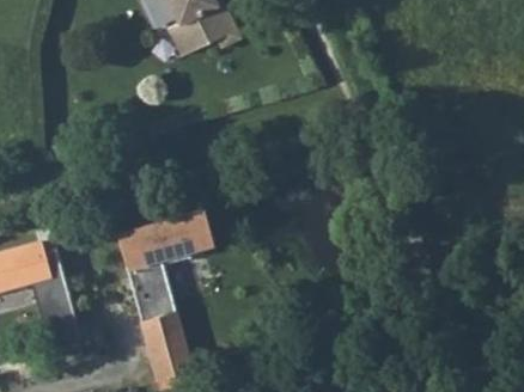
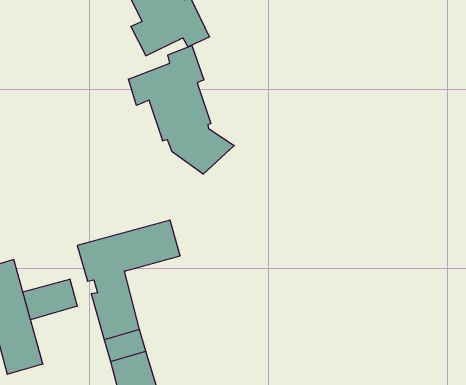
building: none -> [128,45,234,174]
building: none -> [23,279,77,320]

